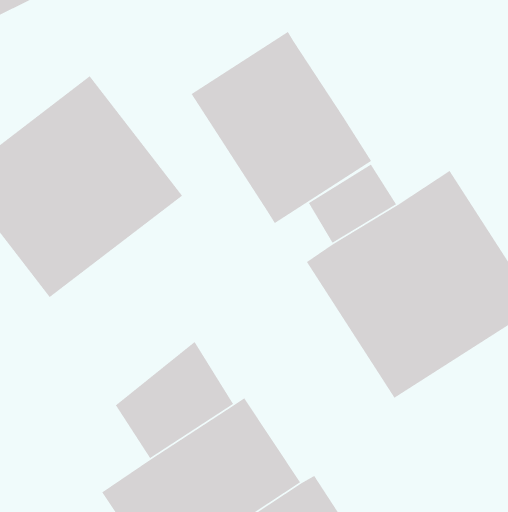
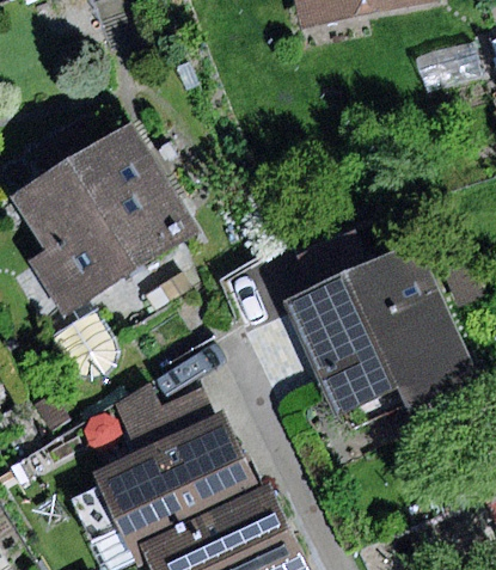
building: [190,31,372,224] -> none

